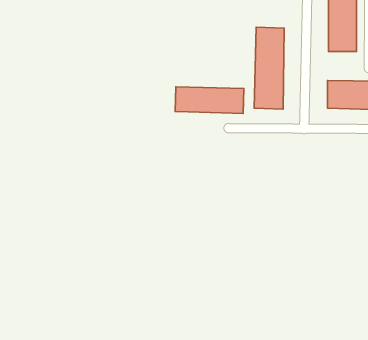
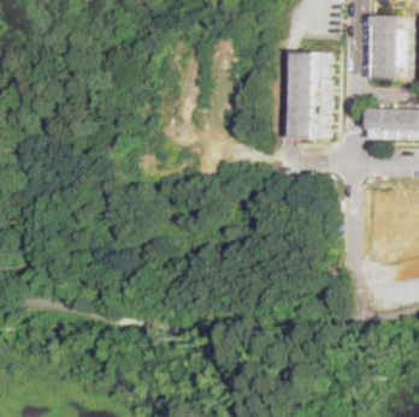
building: [175,87,244,114] -> none

